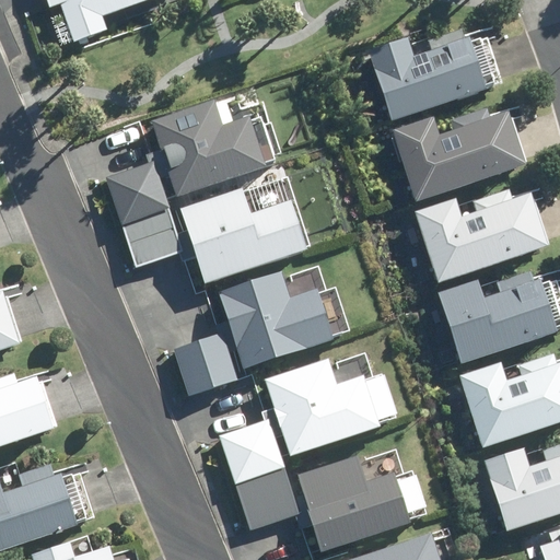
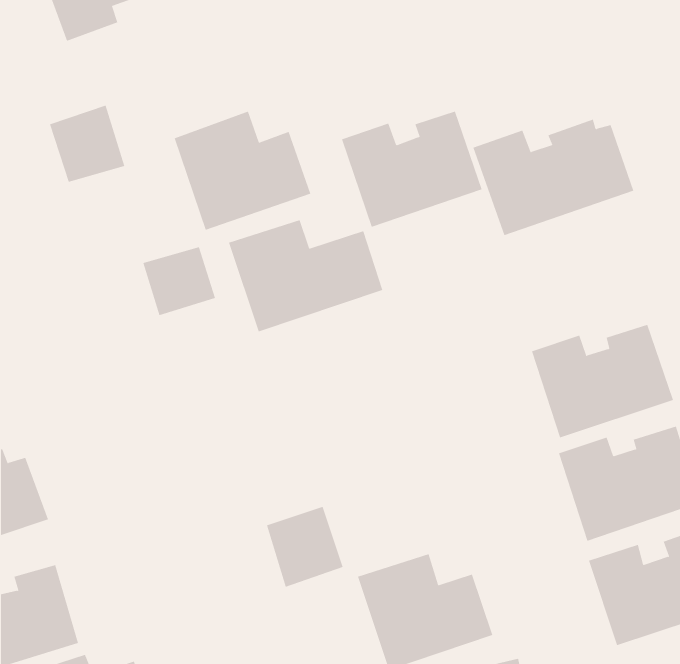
building: [370,26,483,120] -> [341,111,483,228]
building: [110,160,172,222] -> [49,105,125,182]
building: [415,189,545,283] -> none
building: [220,271,330,368] -> none
building: [180,332,240,393] -> none
building: [266,359,377,456] -> none
building: [241,467,303,528] -> none

